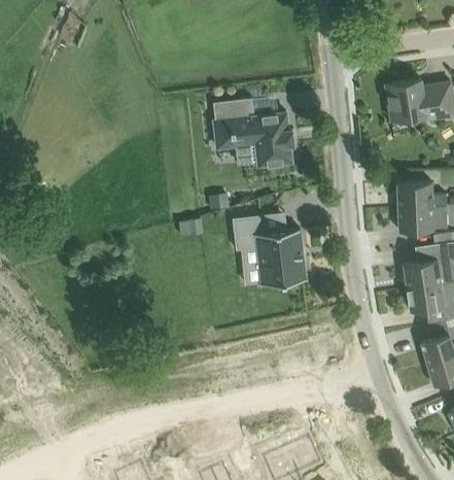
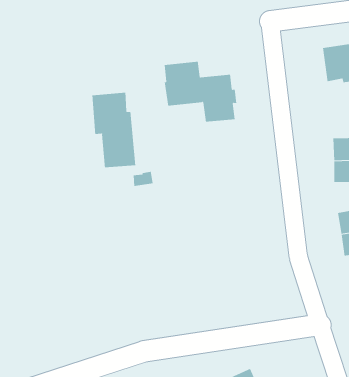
building: none -> [92,92,136,168]
building: [232,215,306,285] -> none

